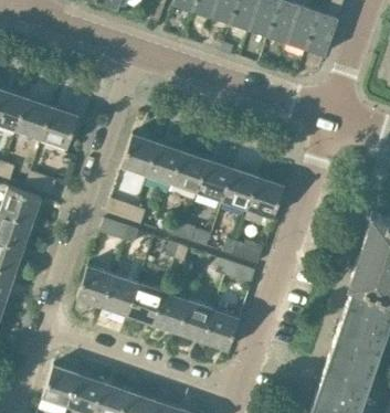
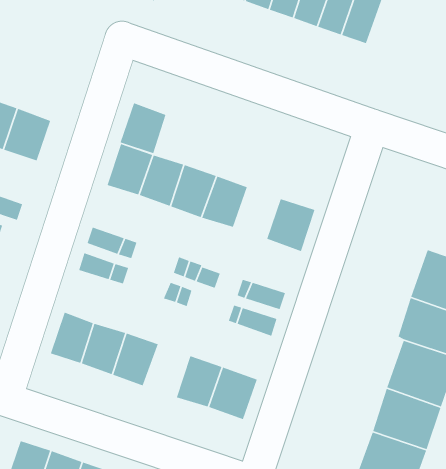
building: none -> [119,102,166,154]
building: [221,168,257,209] -> none
building: [150,290,187,332] -> none

